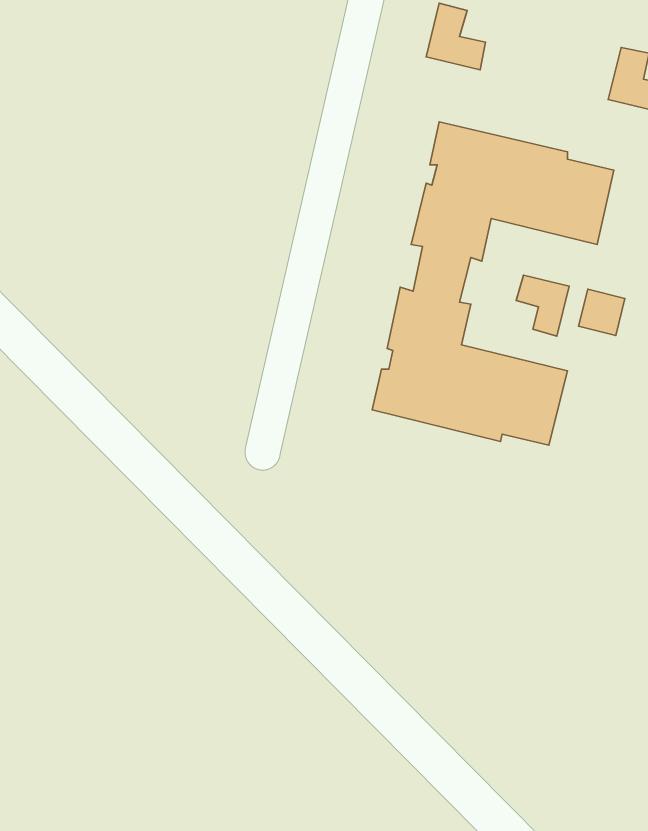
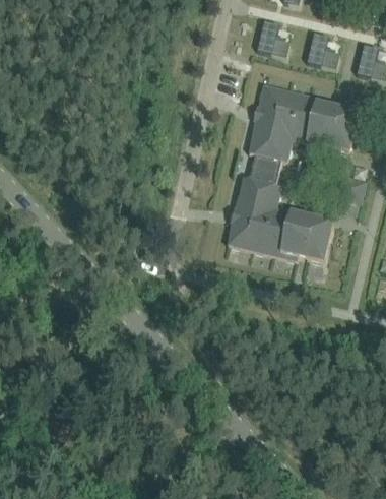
building: none -> [306,33,338,68]
building: [516,275,569,336] -> none

